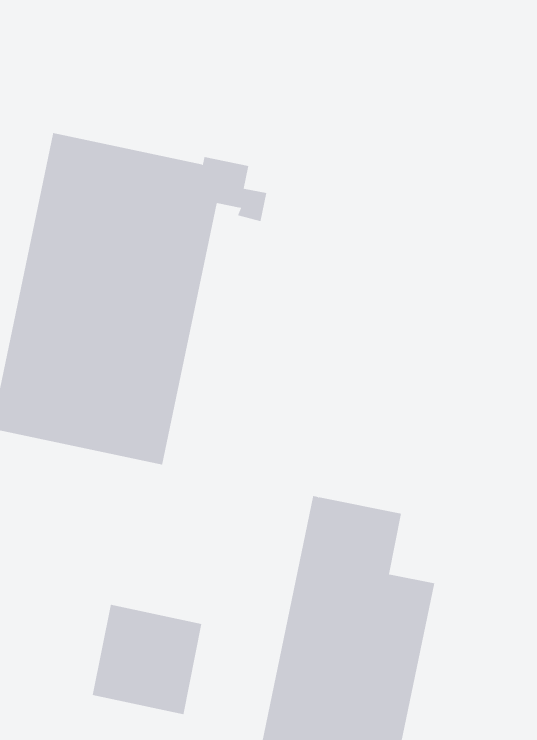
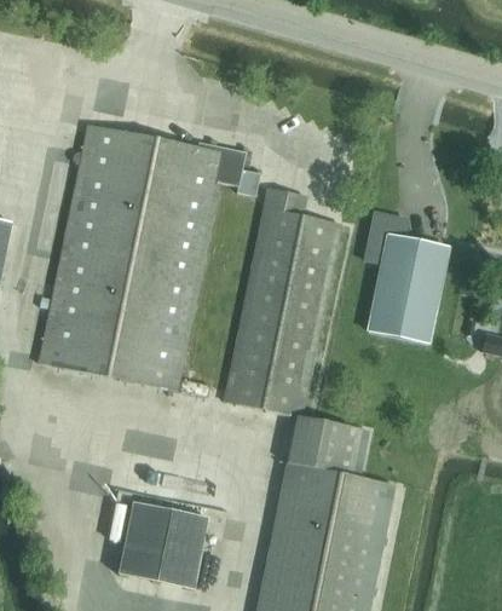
building: none -> [225,188,342,415]
building: none -> [365,212,449,342]

